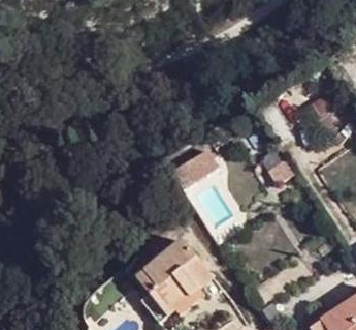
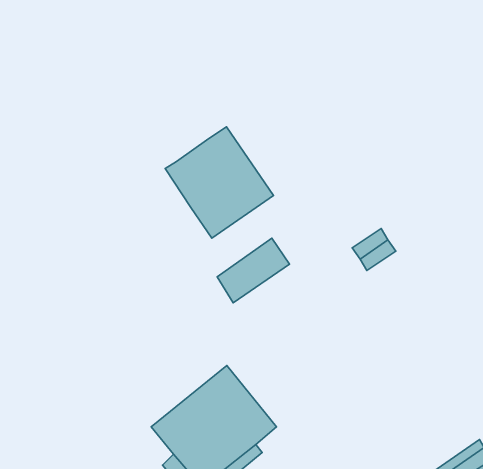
building: none -> [165,127,274,238]

